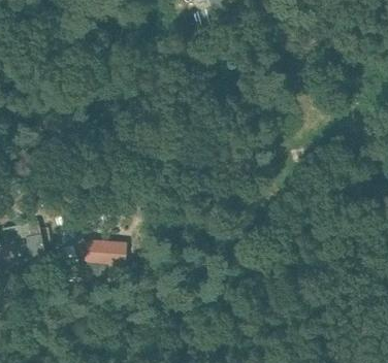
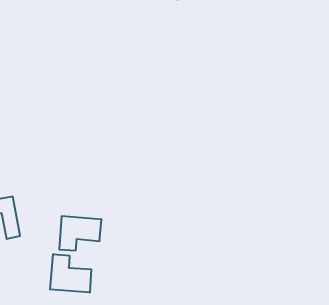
building: none -> [50,254,91,293]

